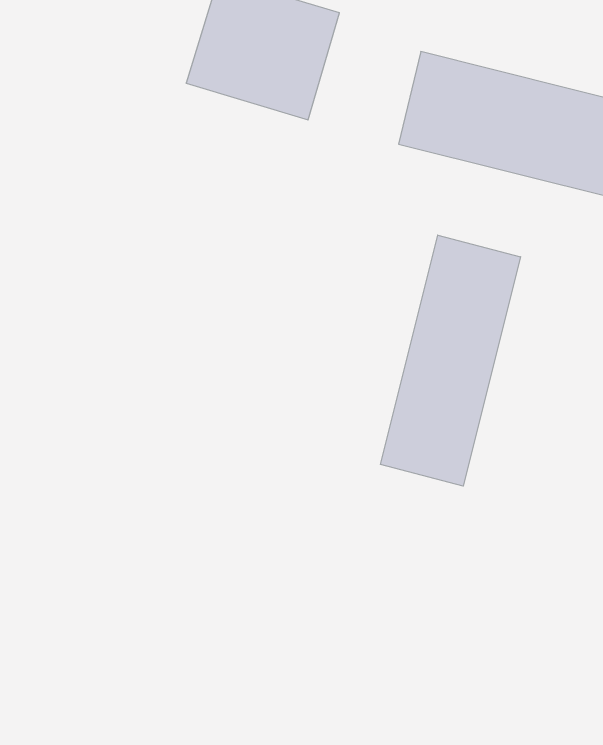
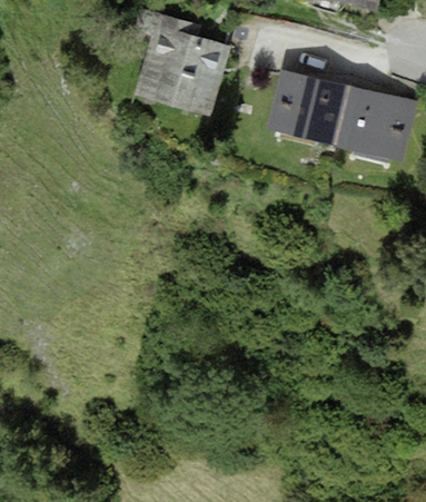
building: [380,235,521,486] -> none

